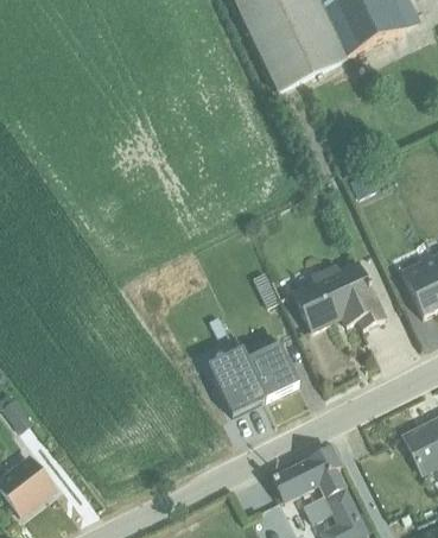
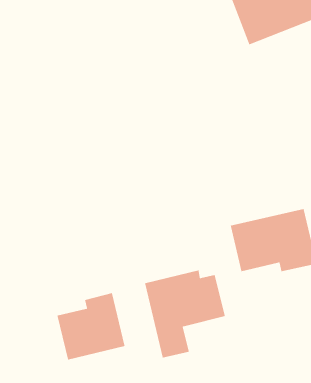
building: none -> [57,292,126,360]

